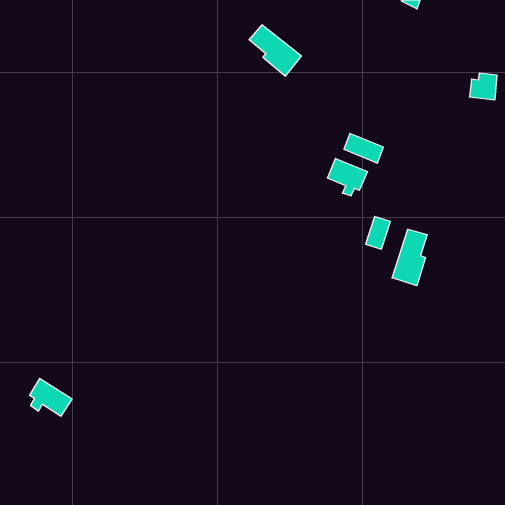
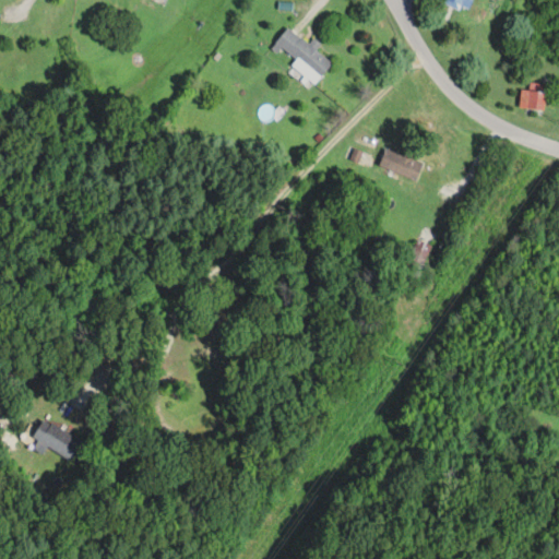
building: [328,158,368,196] -> none
building: [392,229,427,286] -> none

